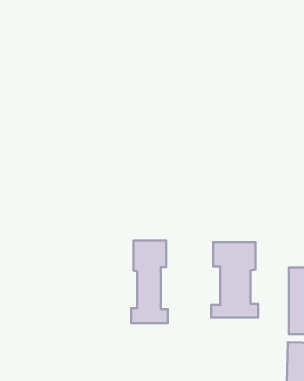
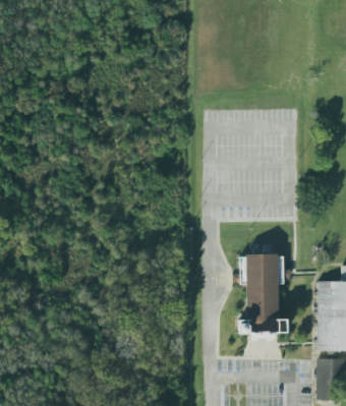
building: [131,240,168,323] -> none

